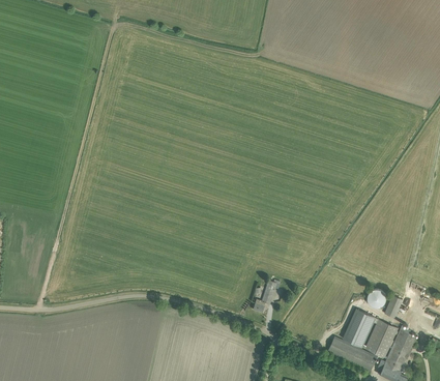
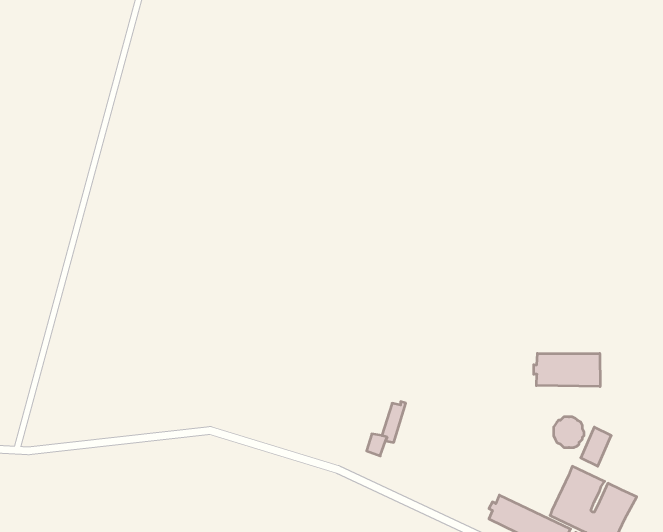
building: none -> [534,353,600,387]
building: [343,309,379,349] -> none

